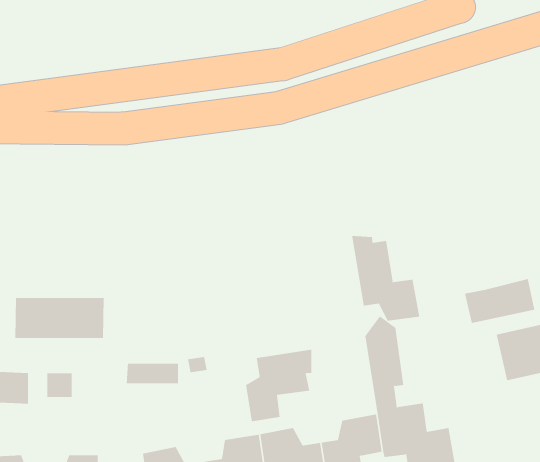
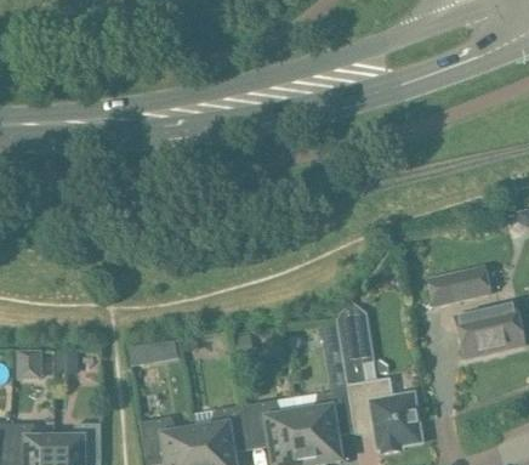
building: [351,235,420,321] -> none
building: [15,297,104,339] -> none
building: [246,349,312,422] -> none

